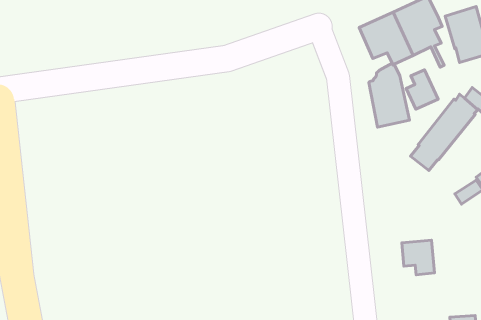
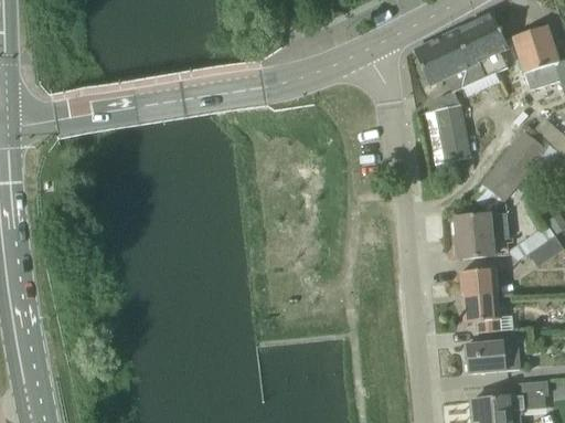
building: [406,70,438,109] -> none
building: none -> [456,212,510,258]
building: none -> [461,268,498,296]
building: none -> [467,340,520,373]

